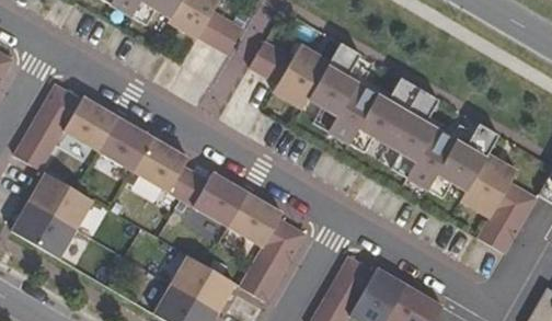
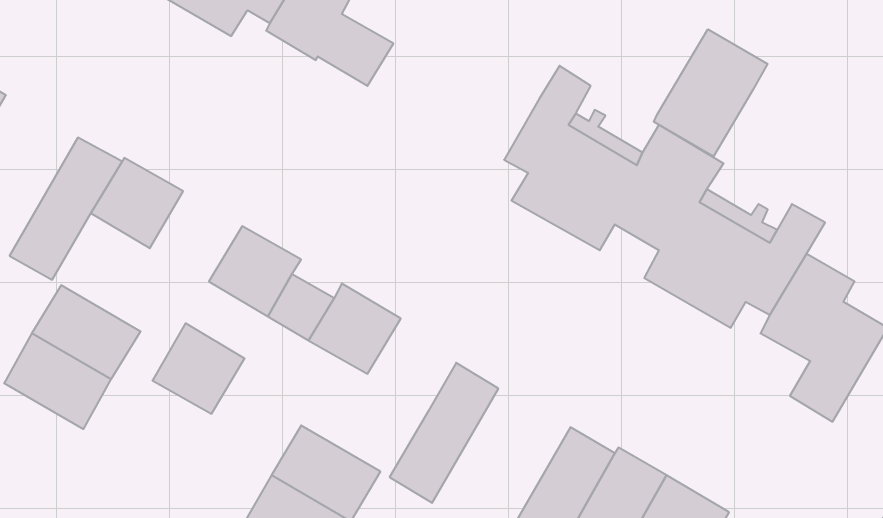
building: none -> [654,29,768,156]
building: [249,42,329,110] -> none
building: [97,117,152,171] -> [152,323,245,414]
building: [227,193,283,248] -> none

